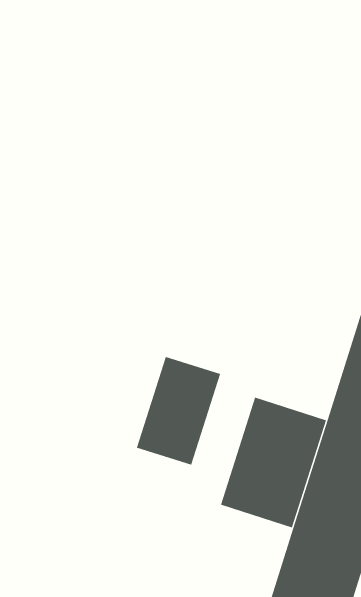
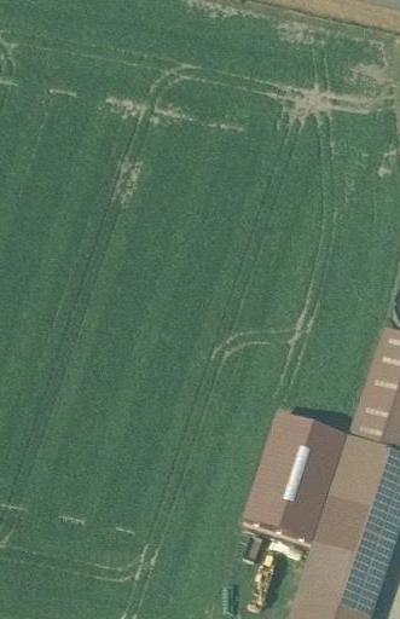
building: [136,356,221,466] -> none

